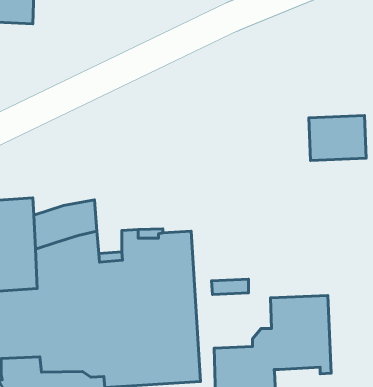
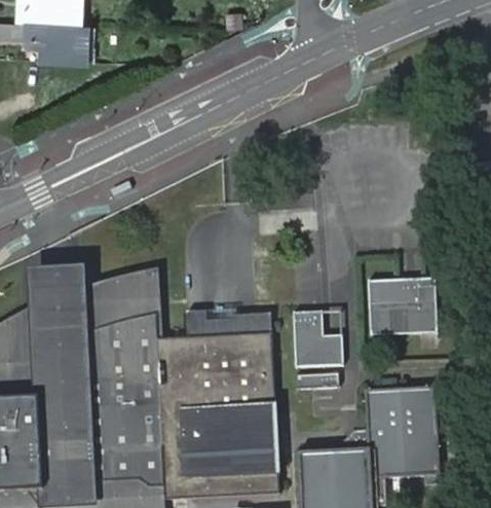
building: [309,115,366,161] -> [368,277,437,331]
building: none -> [293,311,343,367]

